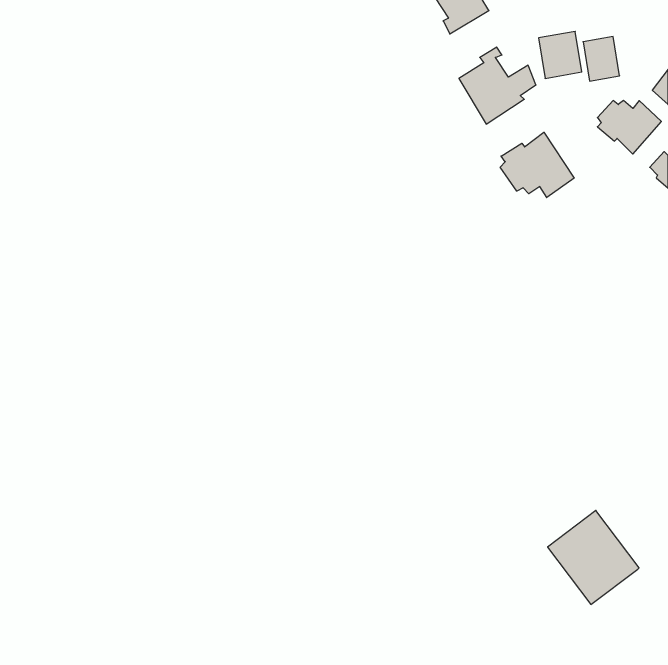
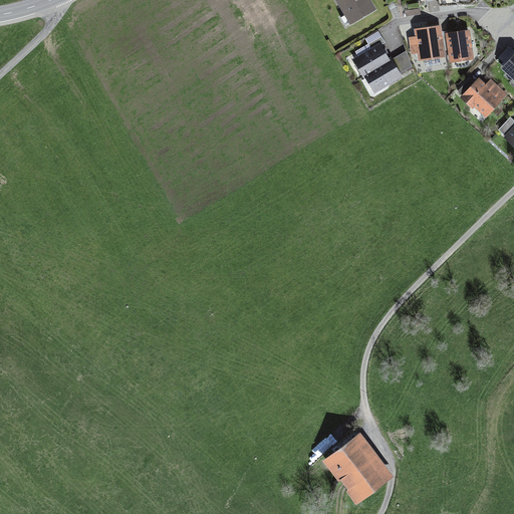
building: [500,132,574,198] -> none
building: [548,510,639,604] -> [323,432,394,504]

